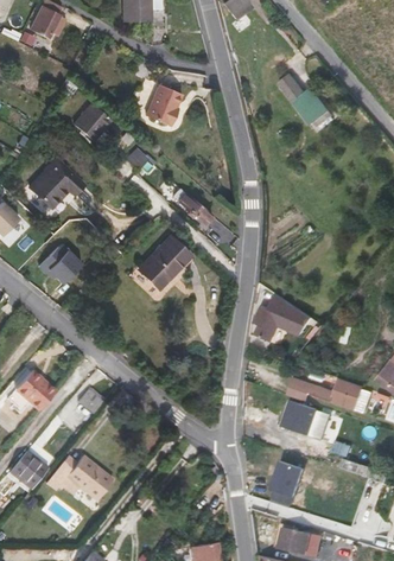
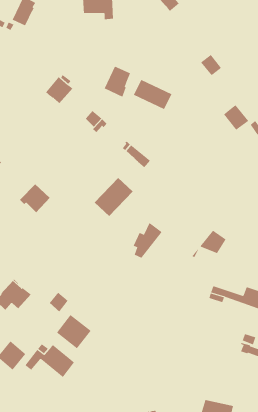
building: [294,89,329,123] -> [223,104,249,131]
building: none -> [133,79,172,110]
building: [28,159,82,208] -> none
building: [254,293,293,340] -> [133,222,163,258]
building: [282,401,317,435] -> none
building: none -> [56,314,91,349]
building: [269,460,305,506] -> none

